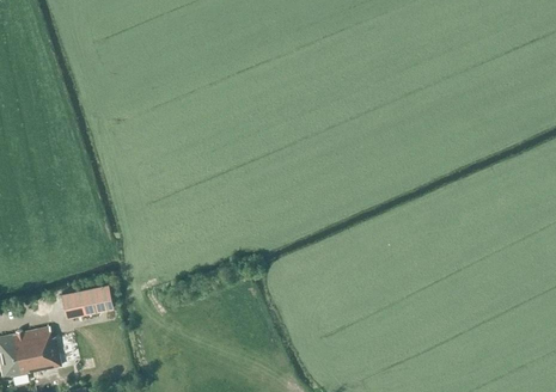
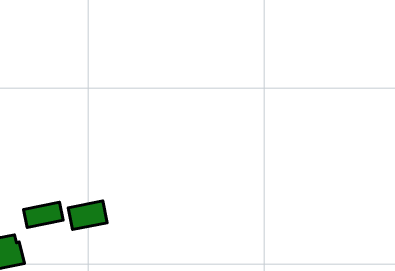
building: none -> [68,201,107,230]

